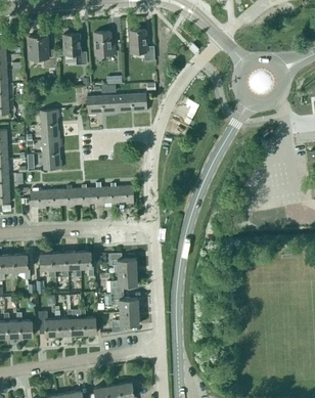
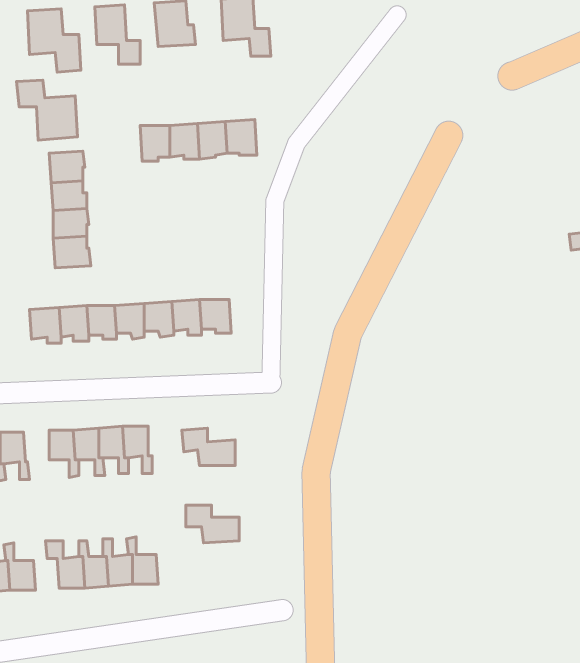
building: none -> [17,80,78,140]
building: [109,272,137,293] -> none
building: [111,311,139,333] -> none

